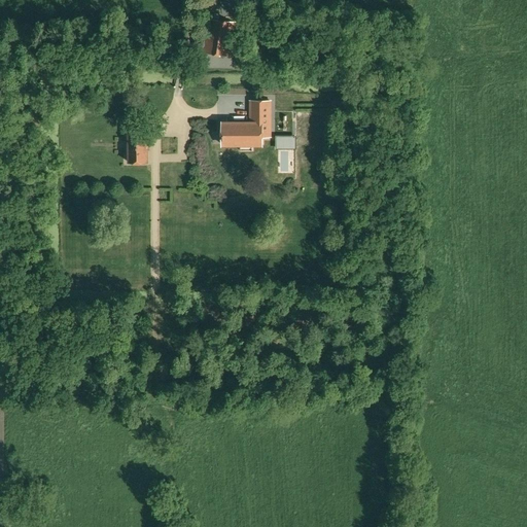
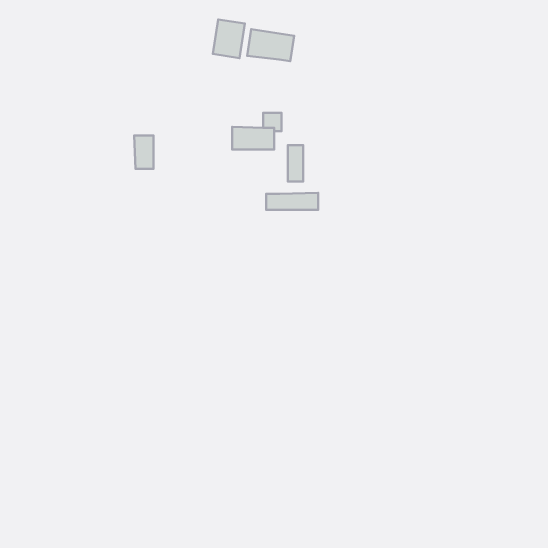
building: none -> [247,29,294,61]
building: none -> [266,193,318,210]

